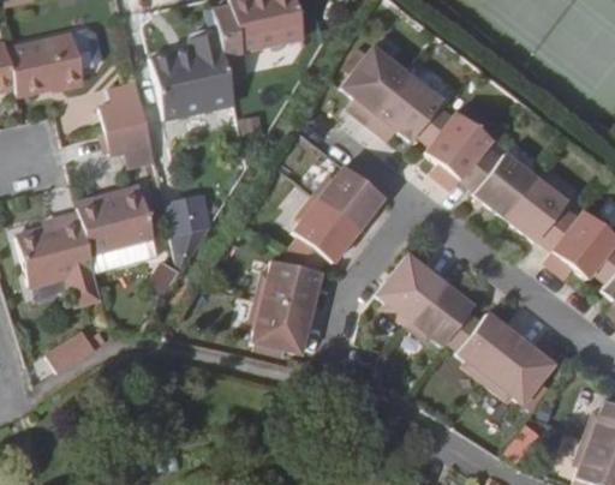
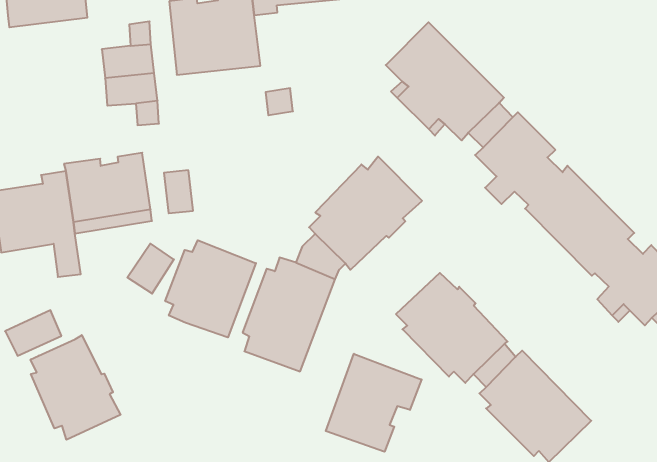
building: none -> [165,240,256,337]
building: none -> [326,354,422,452]
building: none -> [31,335,121,440]

